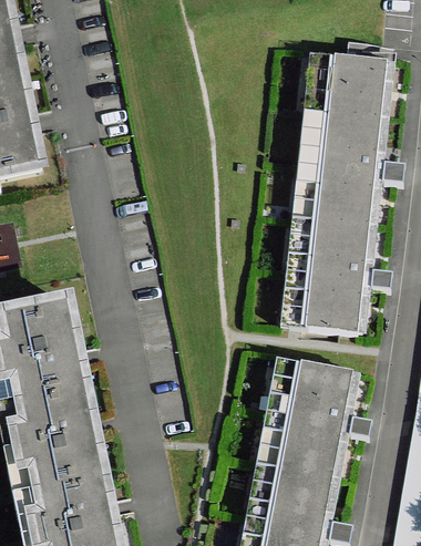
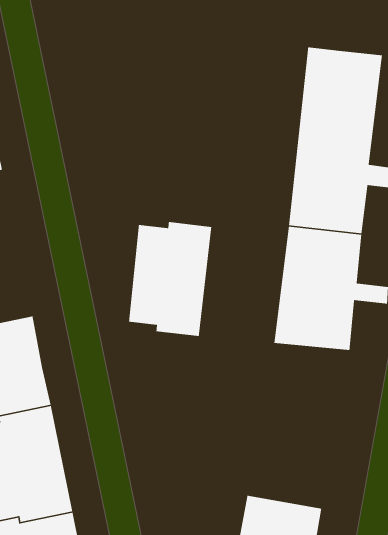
building: none -> [128,221,212,337]
building: [263,357,371,475] -> none

